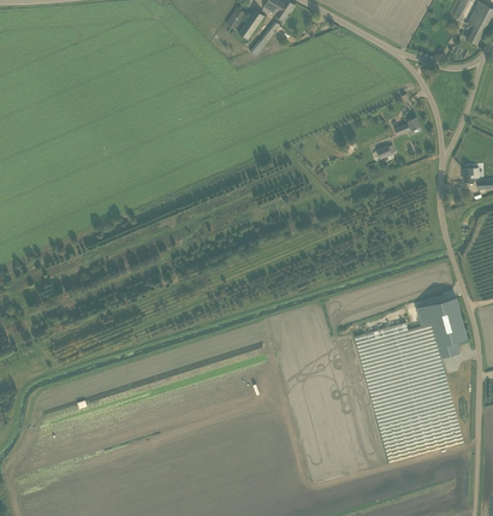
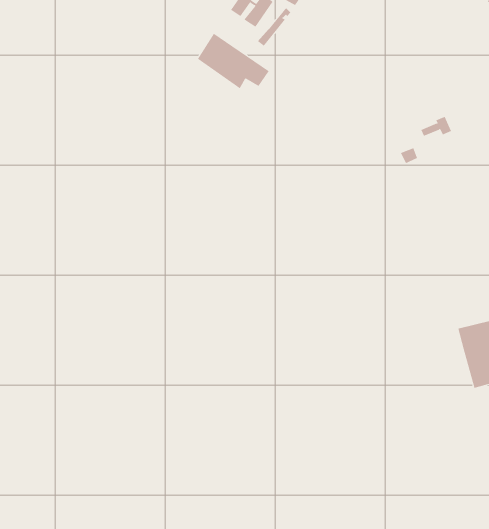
building: none -> [197,33,269,89]

